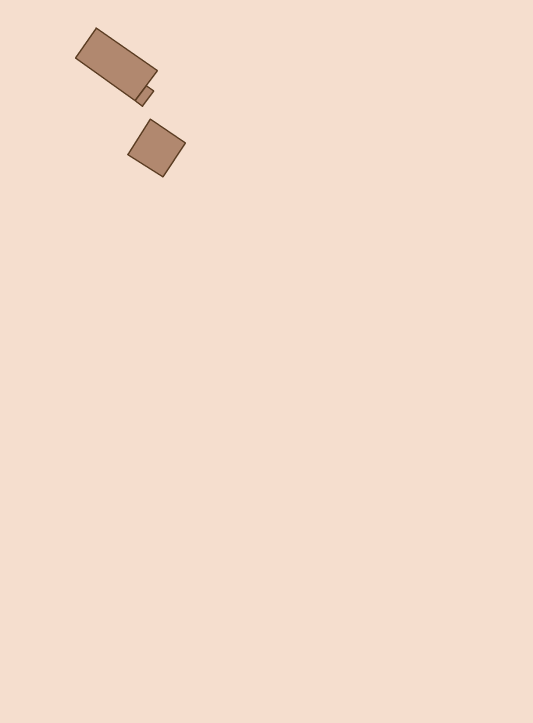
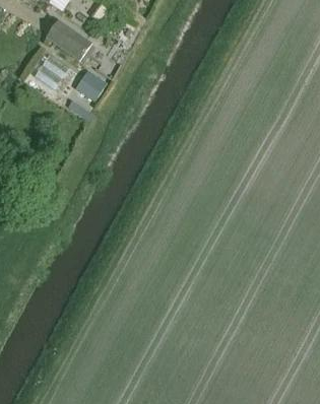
building: none -> [35,55,68,89]

